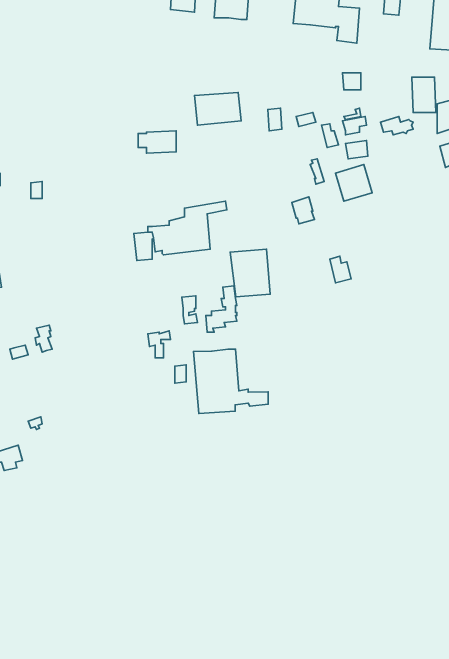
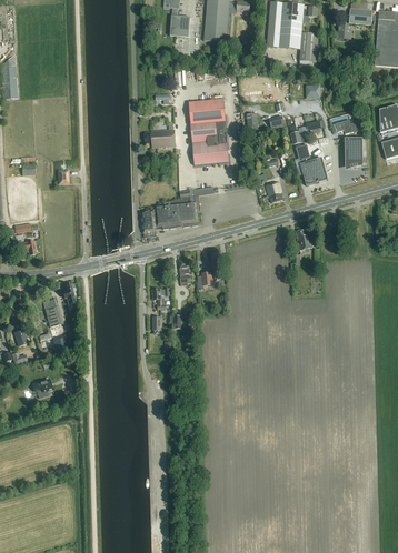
building: [412,77,436,112] -> [344,138,362,165]
building: none -> [189,122,228,165]
building: [230,249,270,297] -> none
building: [194,349,268,413] -> none

